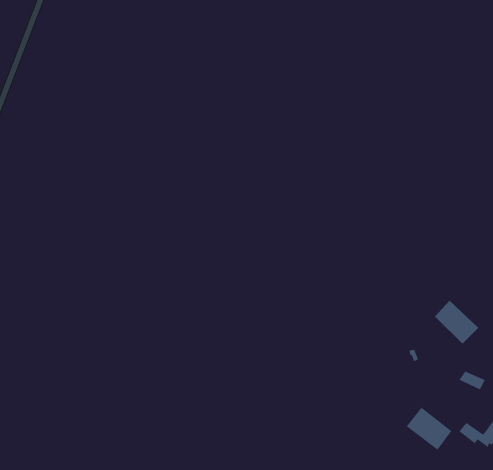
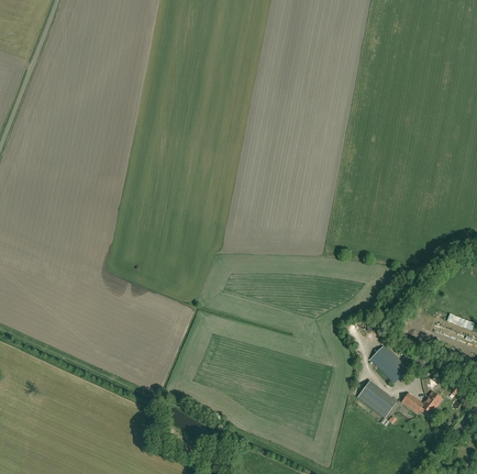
building: [434,300,479,345] -> [370,344,409,383]

